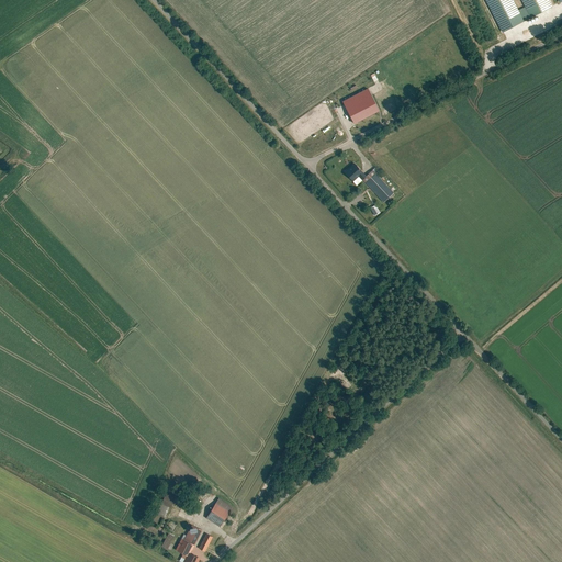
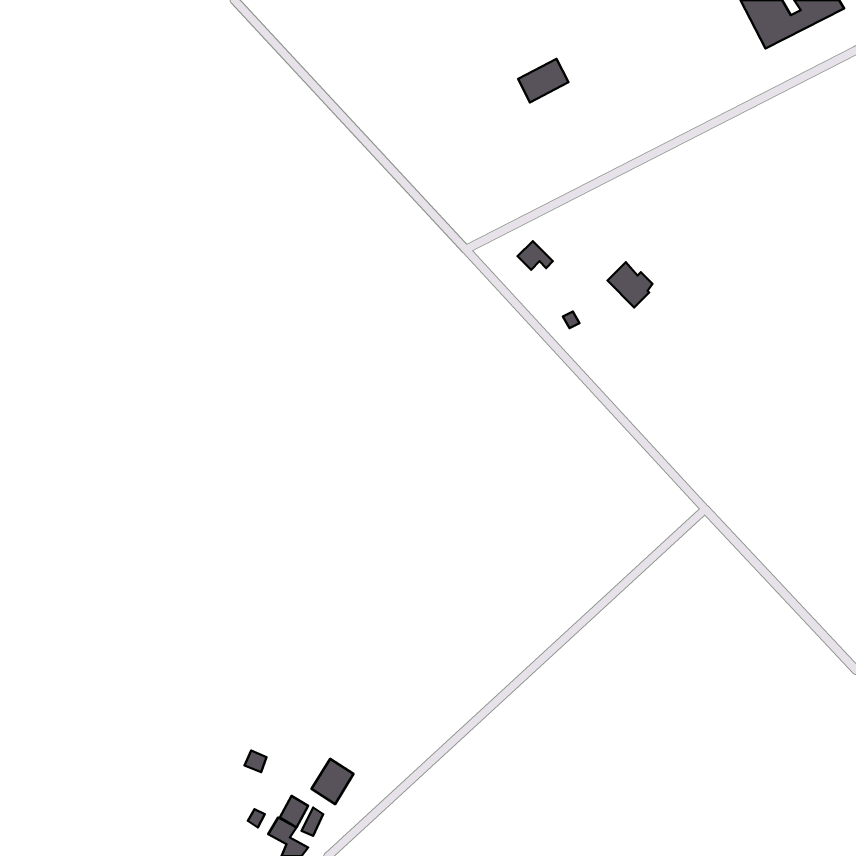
building: [347,94,380,123] -> [518,59,568,102]
building: [361,169,391,199] -> [607,262,653,307]

